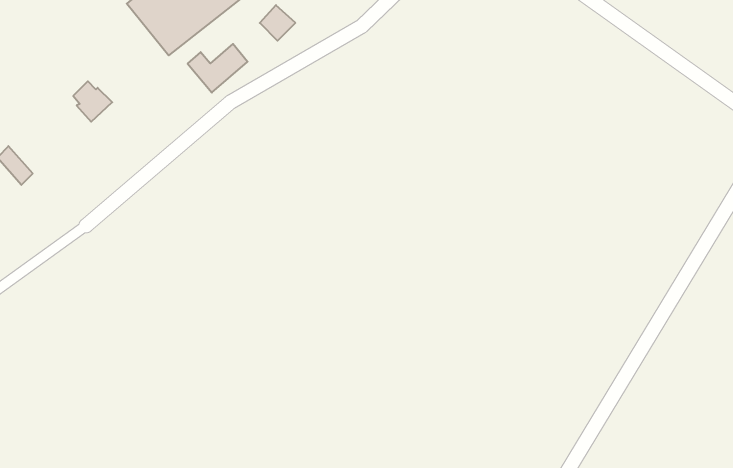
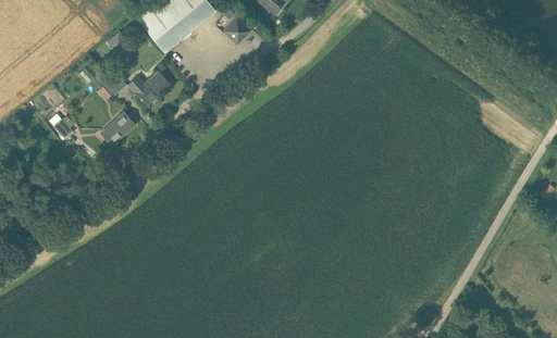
building: [188,44,248,93] -> [128,73,169,105]
building: none -> [101,113,134,146]

